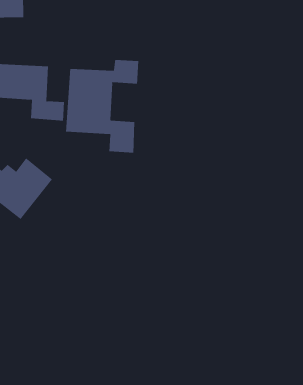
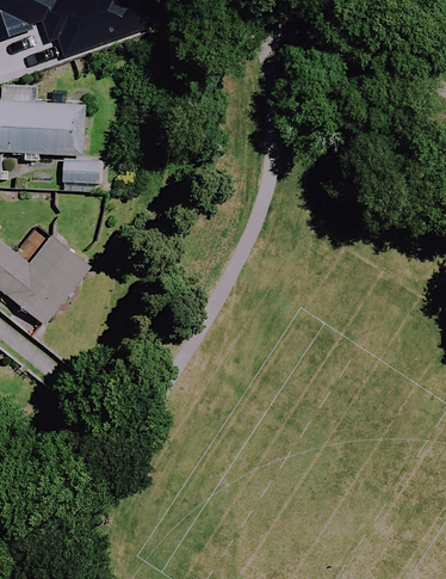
building: [65,59,139,153] -> none

